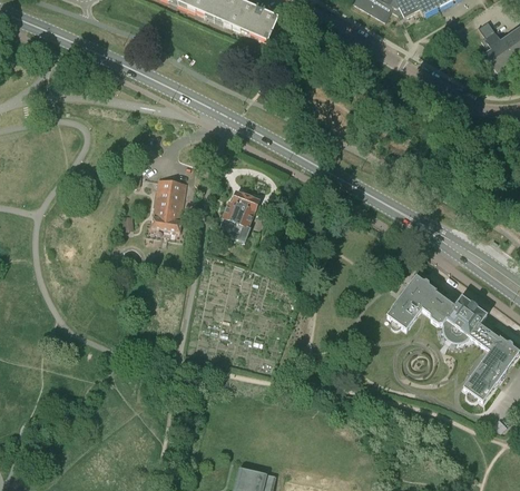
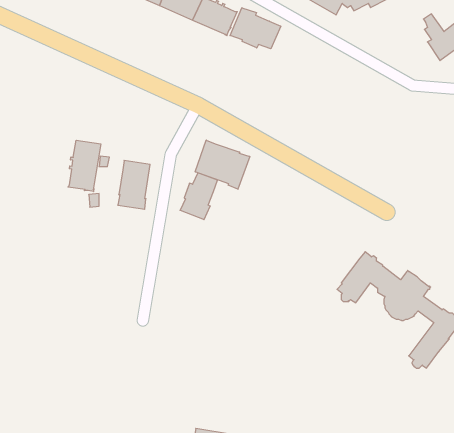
building: none -> [230,8,281,49]
building: none -> [195,140,250,189]
building: none -> [68,140,101,192]

